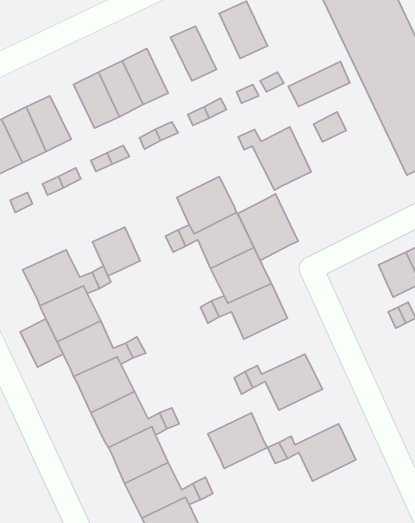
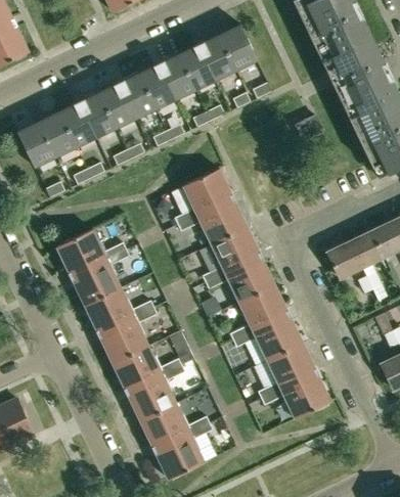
building: none -> [198,35,235,81]
building: none -> [159,54,195,100]
building: [288,62,350,107] -> none
building: none -> [79,93,116,138]
building: [238,127,311,190] -> none
building: [238,194,298,261] -> none
building: [92,227,140,276] -> none
building: none -> [326,241,361,278]
building: none -> [238,285,288,331]
building: [20,319,63,367] -> none
building: [208,413,268,469] -> [267,344,316,390]

